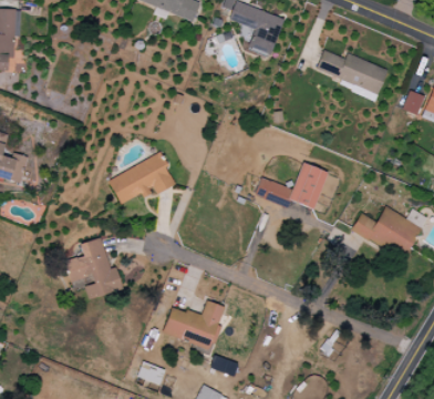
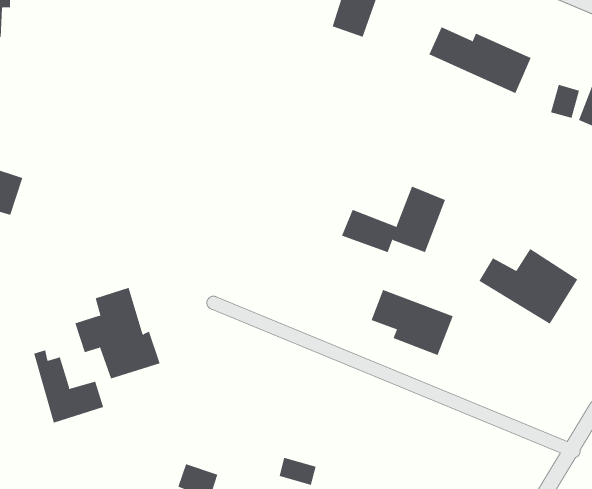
building: [106,151,175,205] -> none
building: none -> [371,289,453,356]
building: none -> [33,350,104,424]
building: [163,299,229,350] -> none

